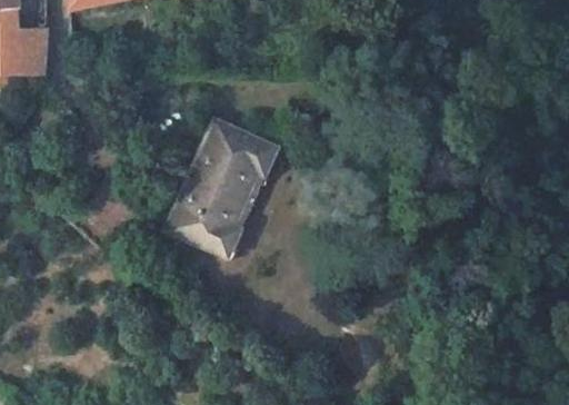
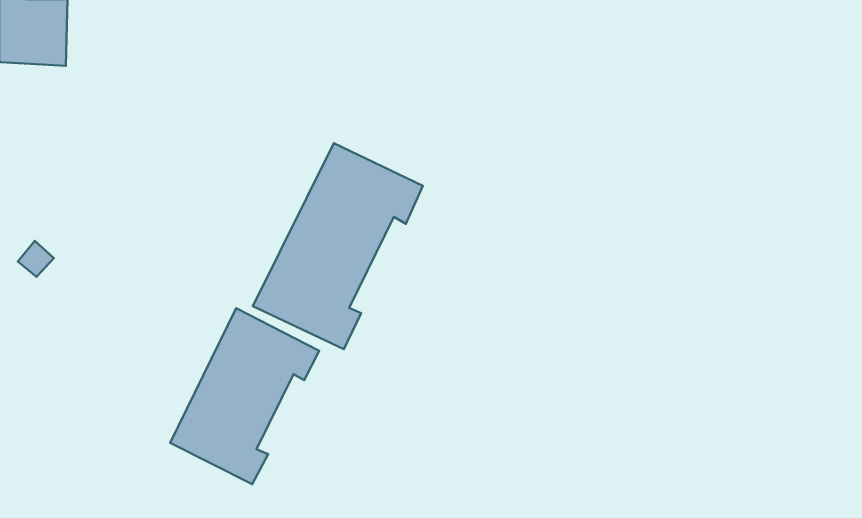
building: none -> [170,308,319,484]

